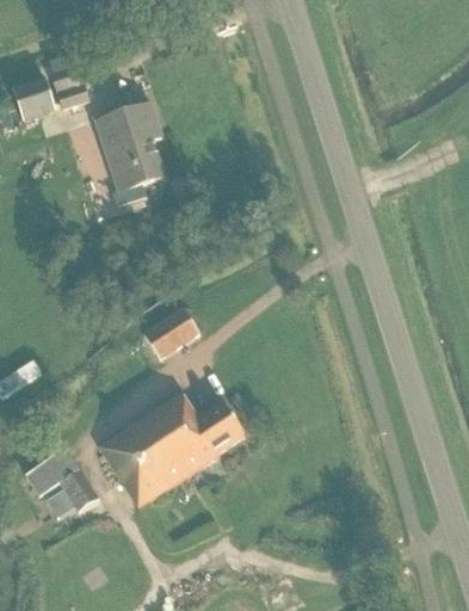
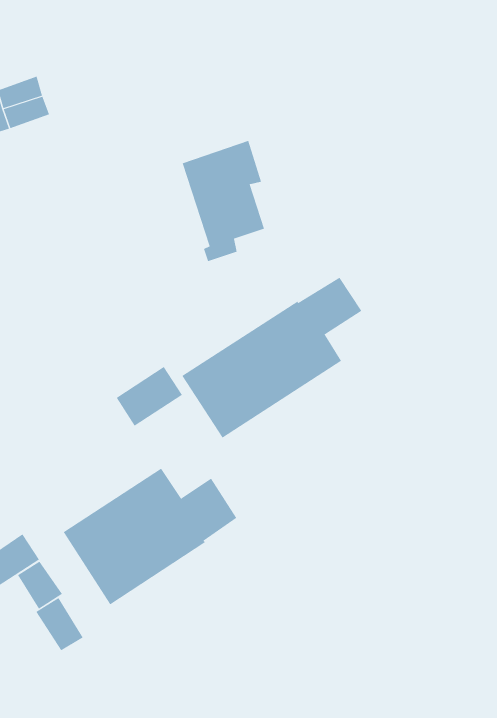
building: [94,103,163,204] -> [182,140,265,262]
building: none -> [181,277,362,439]
building: none -> [36,597,83,651]

